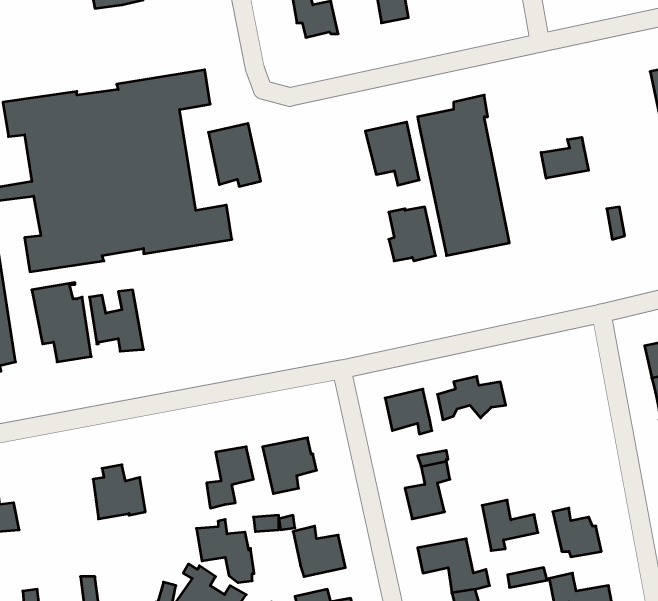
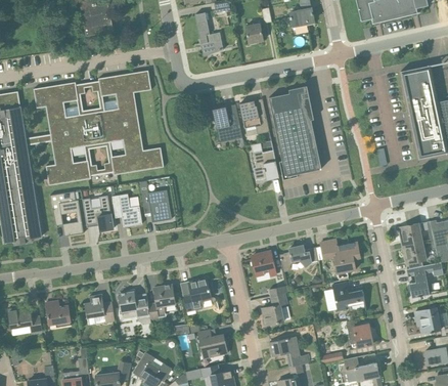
building: [208,123,261,186] -> [213,103,242,139]
building: [541,137,589,178] -> none
building: none -> [141,189,172,221]
building: none -> [113,194,142,226]
building: none -> [320,239,360,272]
building: none -> [46,301,71,324]
building: [482,500,538,551] -> [332,281,364,309]
building: [196,519,254,583] -> [119,288,151,324]

